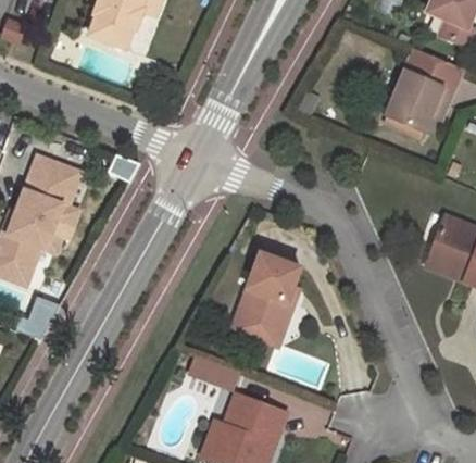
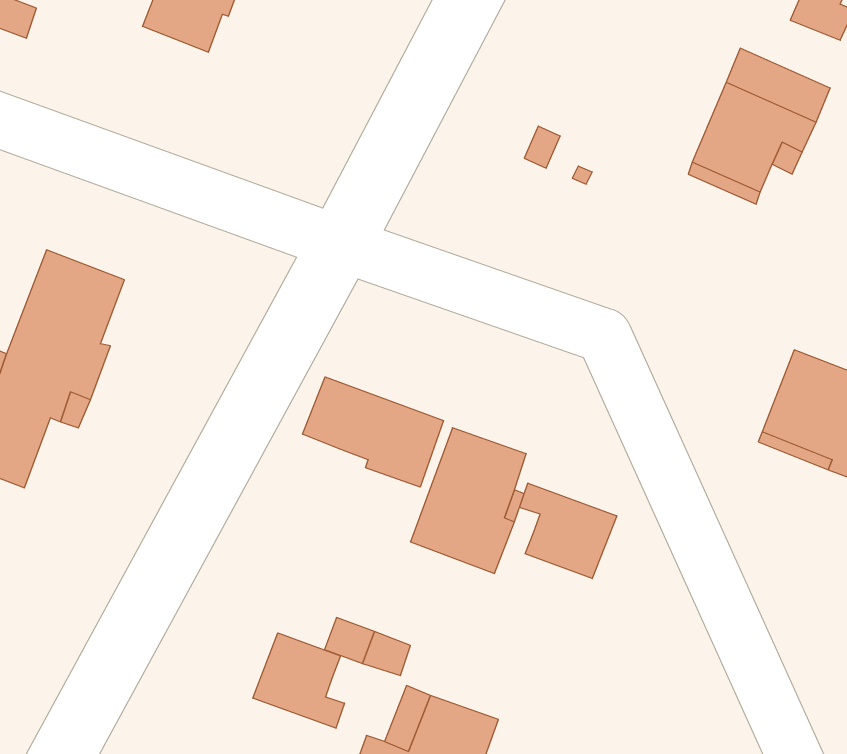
building: none -> [303,377,444,487]
building: none -> [520,483,617,579]
building: none -> [253,633,344,728]

